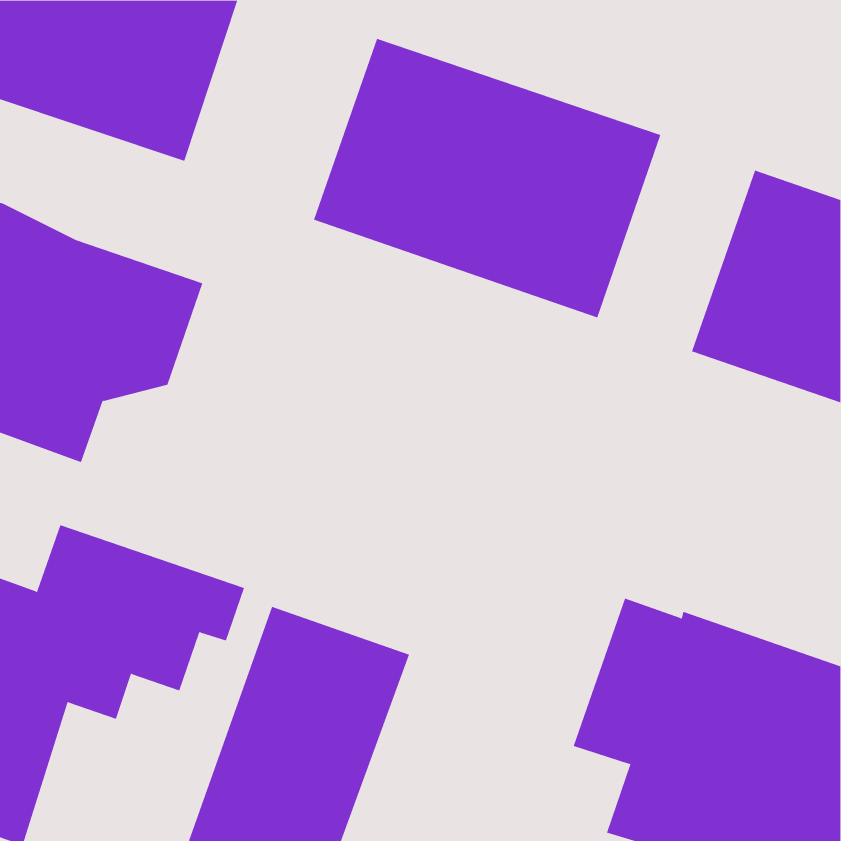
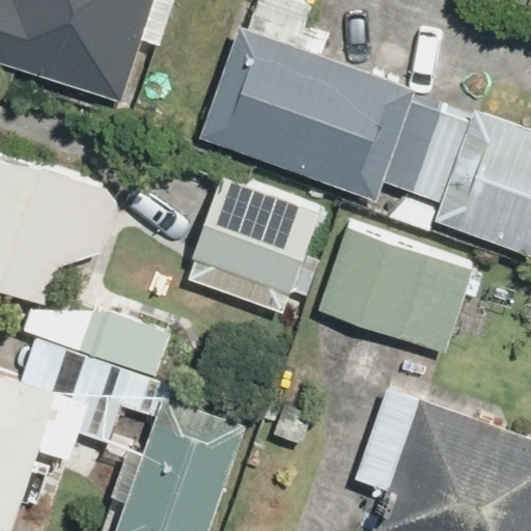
building: none -> [190,170,323,307]
building: none -> [320,219,476,346]

